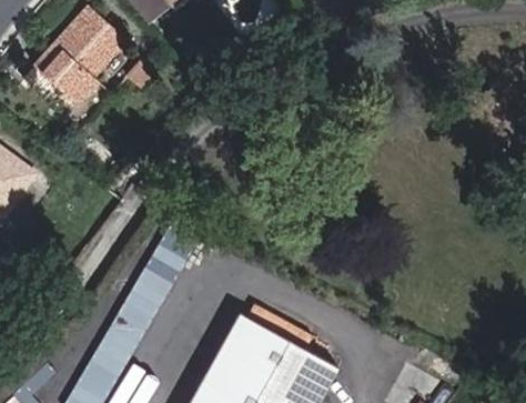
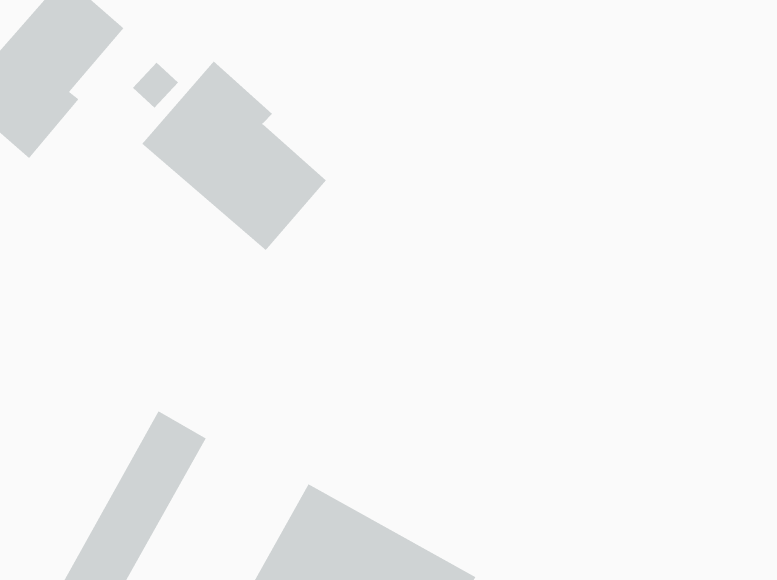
building: none -> [141,60,327,251]

